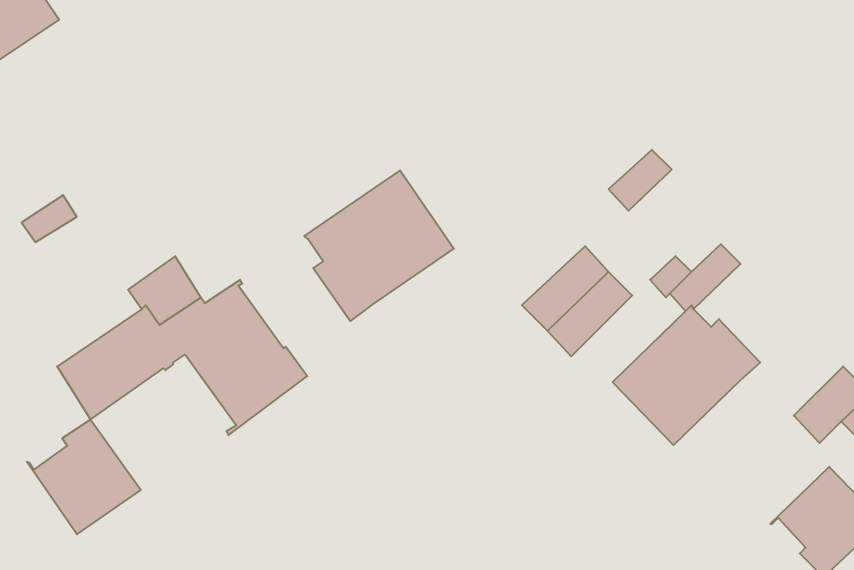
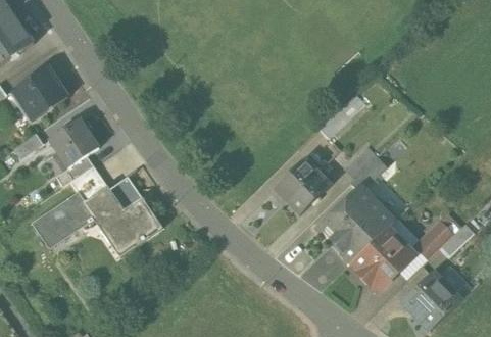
building: none -> [13,64,65,119]
building: none -> [48,115,98,164]
building: [304,170,454,321] -> none
building: none -> [351,227,413,289]
building: [27,420,141,534] -> none

